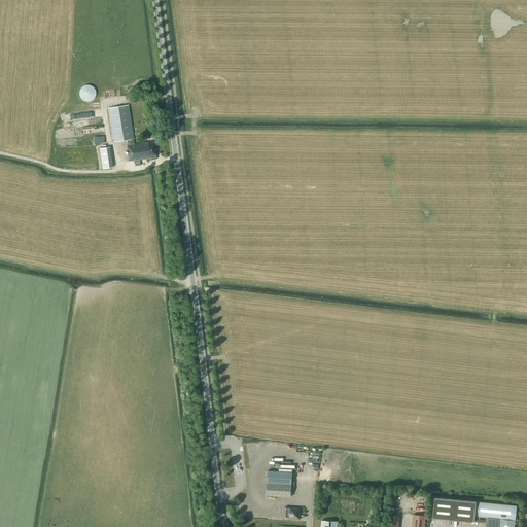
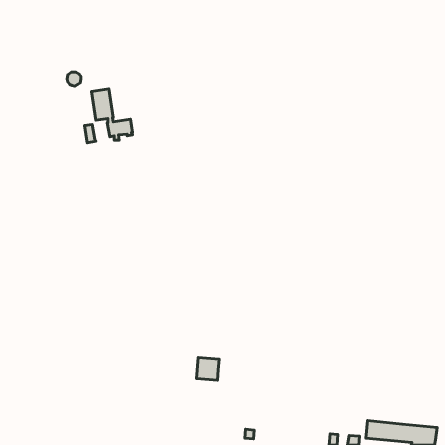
building: [266,470,292,497] -> [196,357,219,380]

